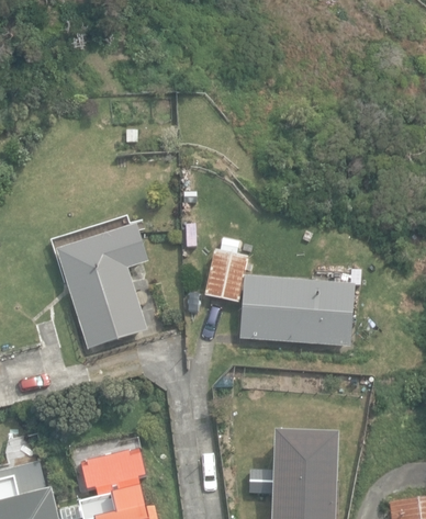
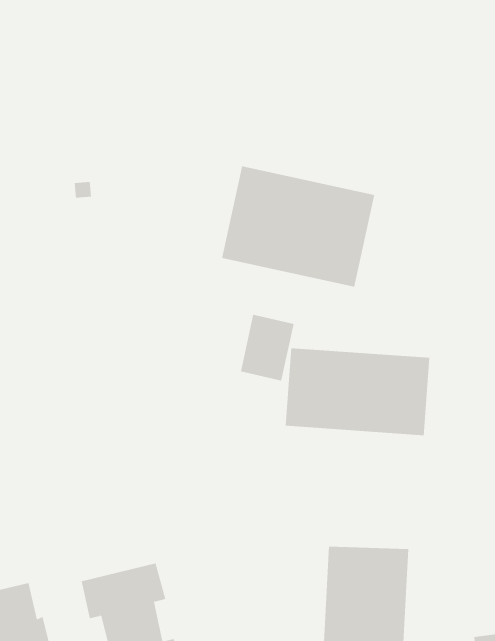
building: none -> [221,165,375,288]
building: [56,225,148,349] -> none

